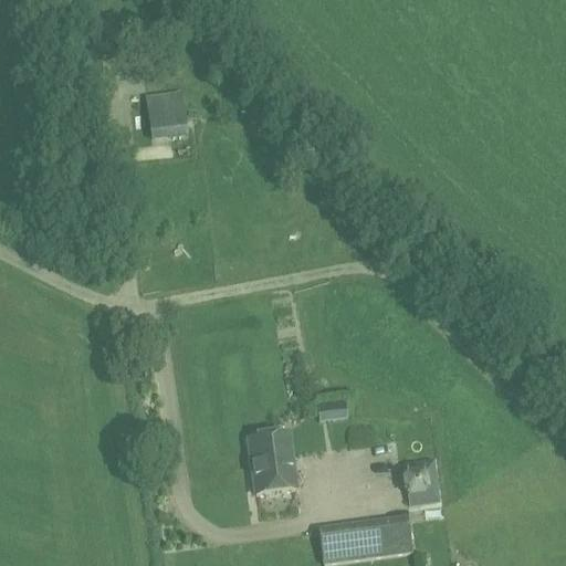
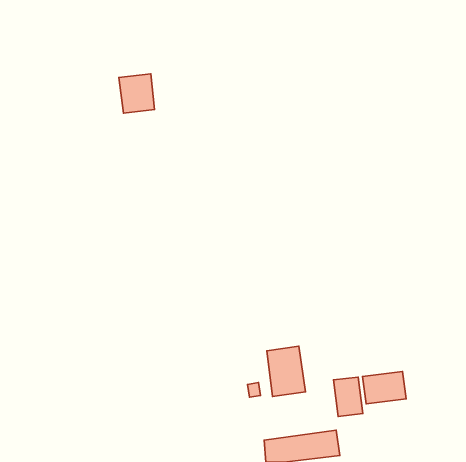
building: [250,432,296,493] -> [267,346,305,396]
building: none -> [363,372,406,404]

